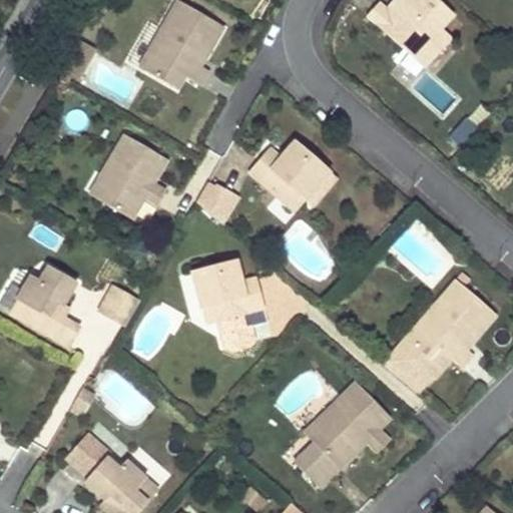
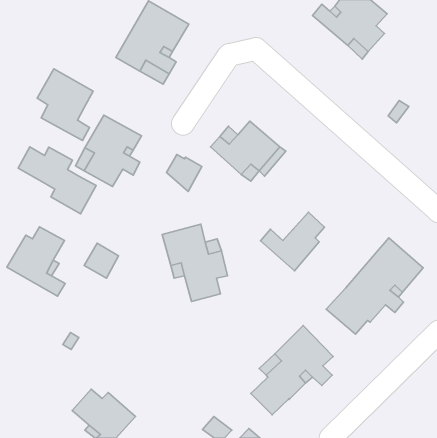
building: none -> [37,69,93,141]
building: none -> [18,147,96,214]
building: none -> [261,212,324,271]
building: [66,430,109,474] -> none

